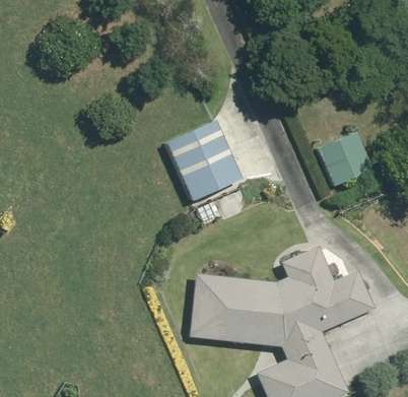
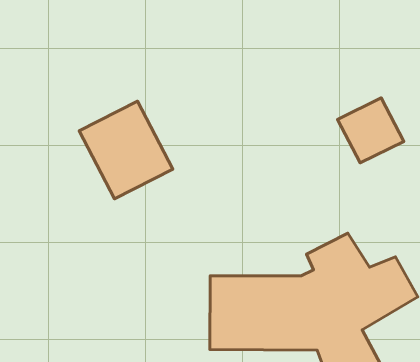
building: [165,120,244,203] -> [79,101,173,199]

